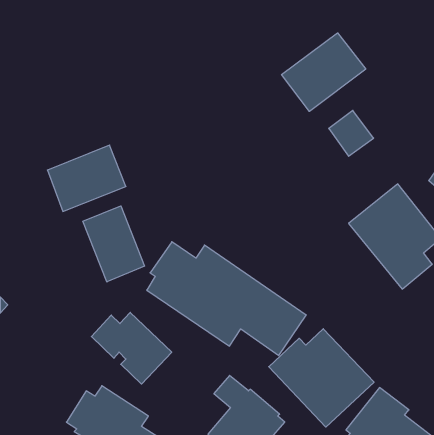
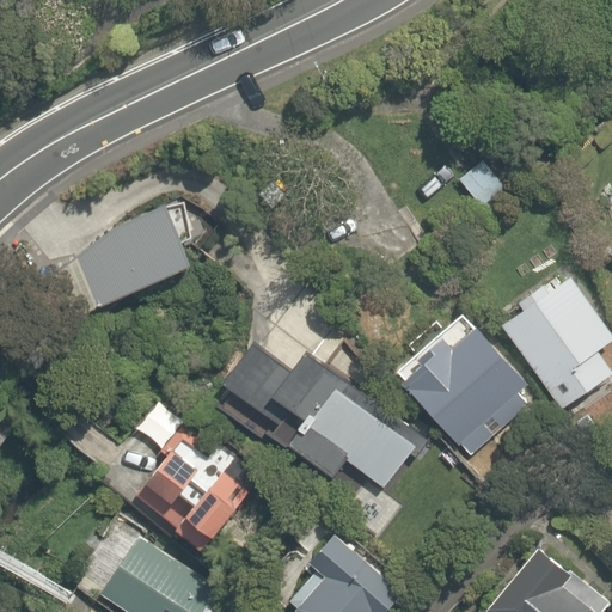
building: [282,33,366,111] -> none
building: [83,206,144,282] -> none
building: [269,329,374,427] -> [394,326,540,463]

